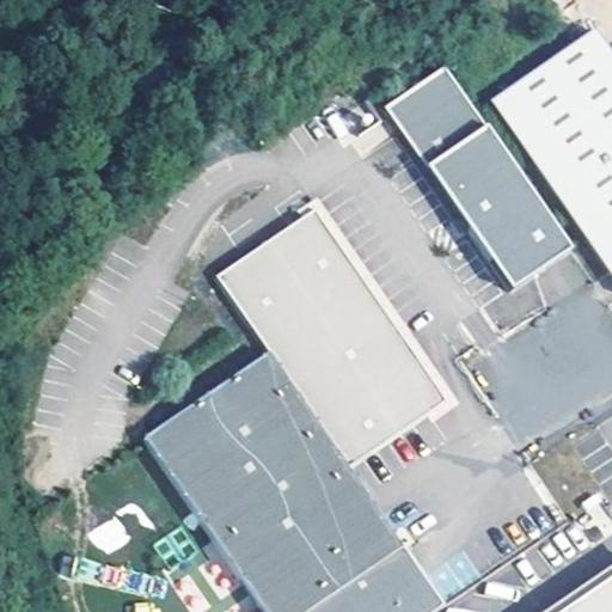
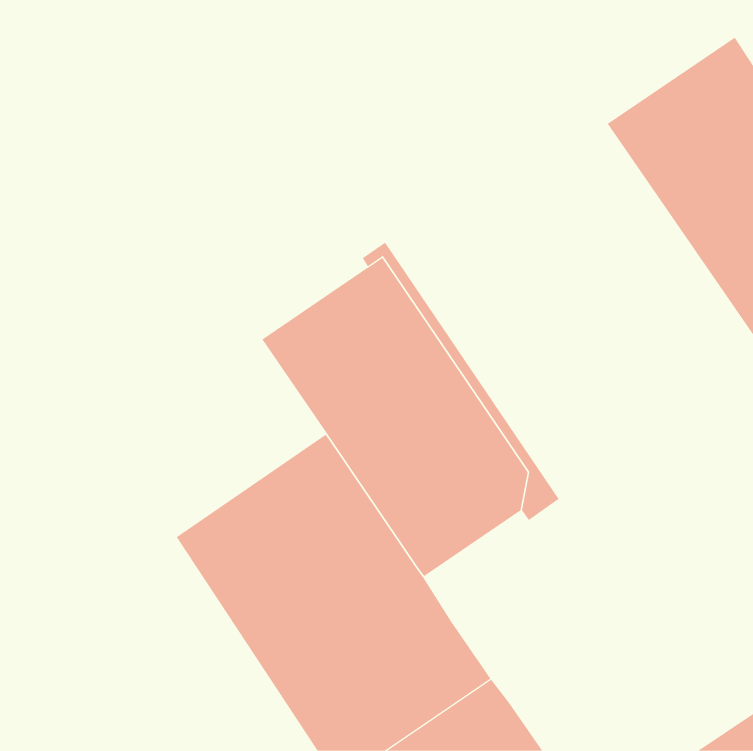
building: [386,65,571,289] -> none

